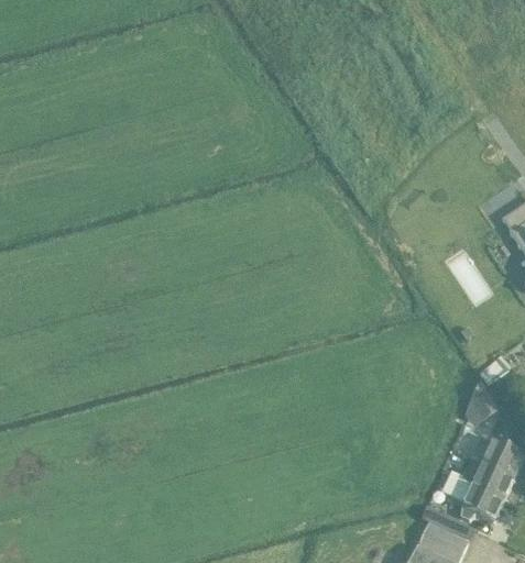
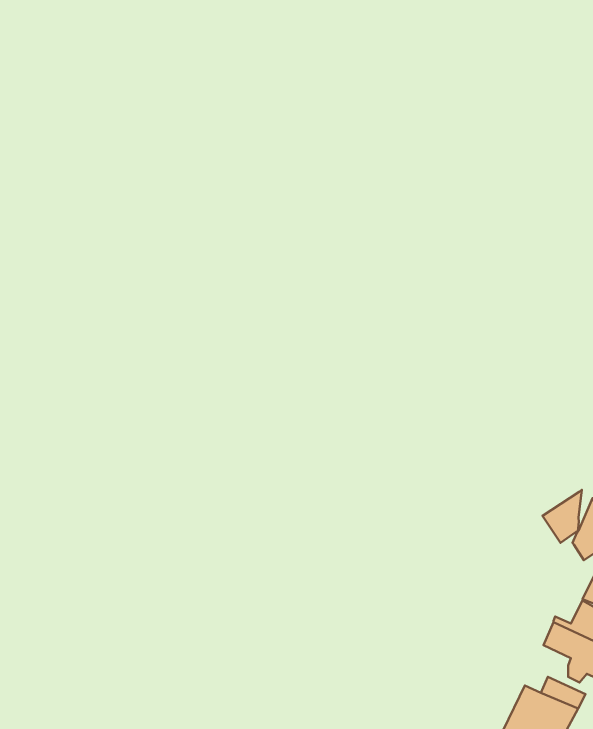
building: none -> [543,490,582,543]

